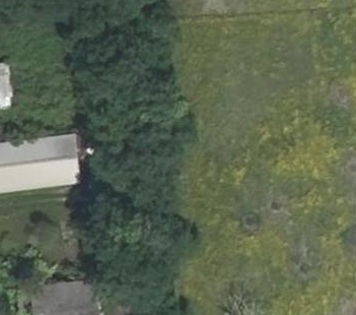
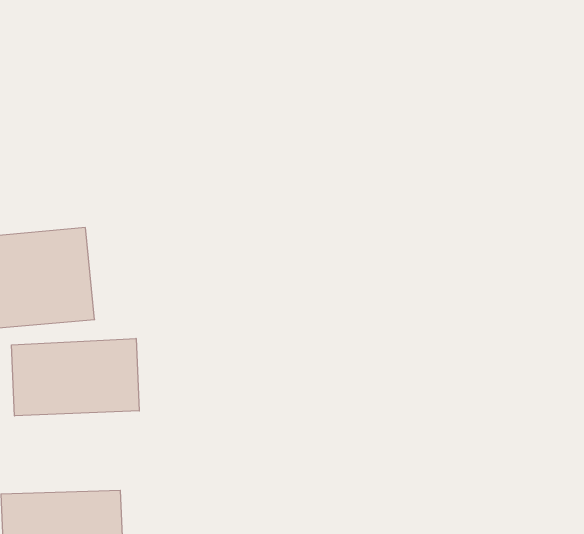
building: none -> [12,338,139,416]

